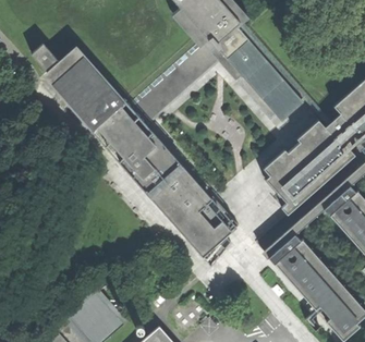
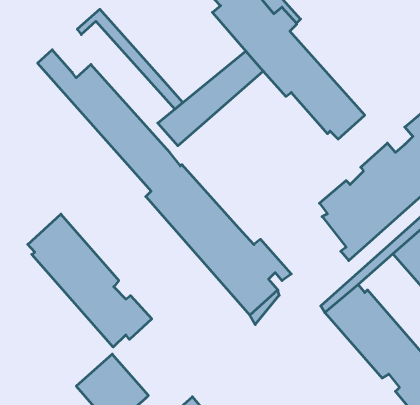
building: [62,46,148,127] -> [77,9,183,109]
building: none -> [28,214,152,347]

